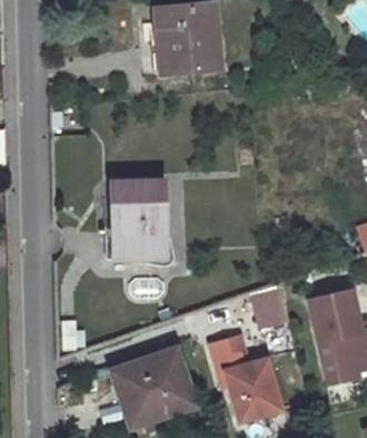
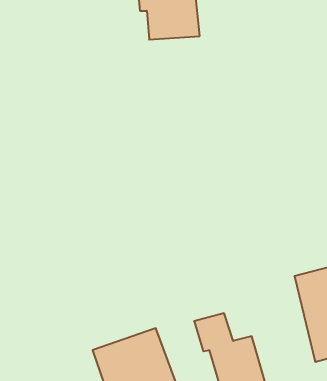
building: [110,179,166,259] -> none
building: [251,286,290,330] -> none

